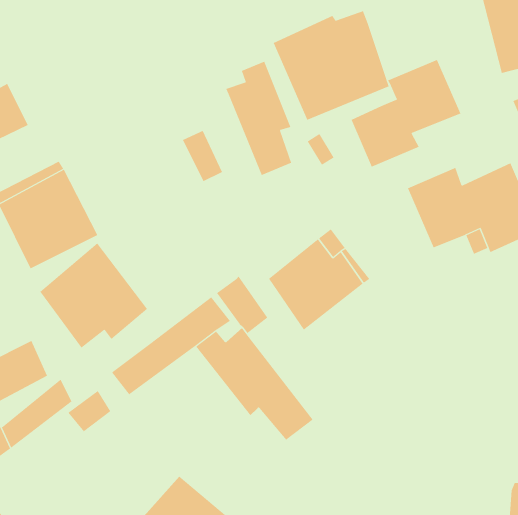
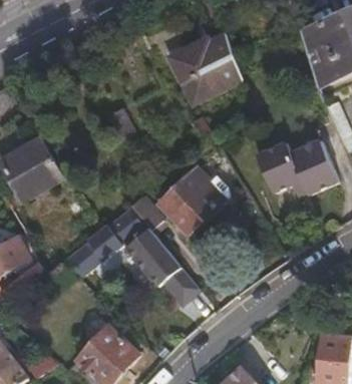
building: [351,59,461,168] -> none
building: [225,61,292,176] -> none
building: [40,242,148,349] -> none

